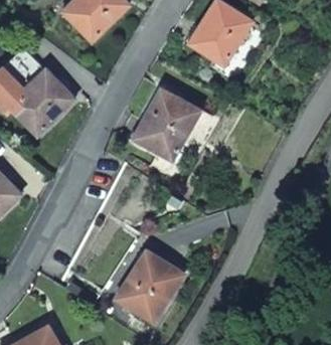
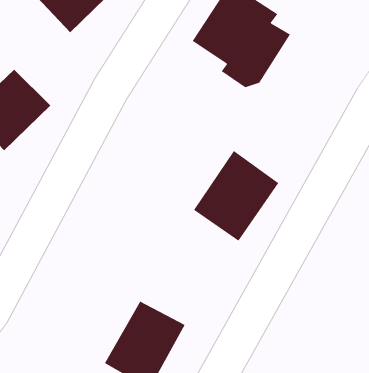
building: [134,91,202,163] -> [193,150,279,242]

